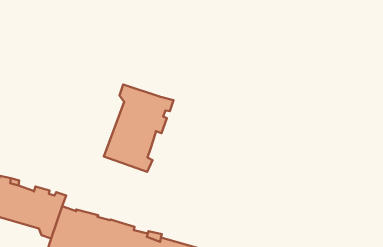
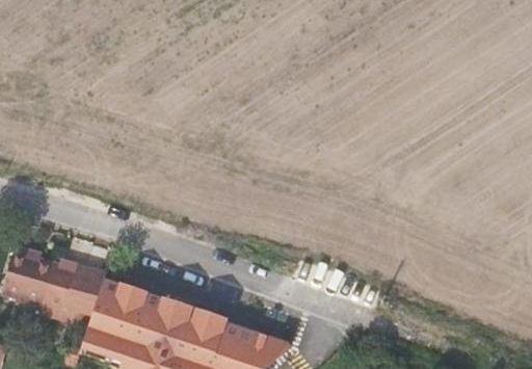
building: [104,84,173,172] -> none

